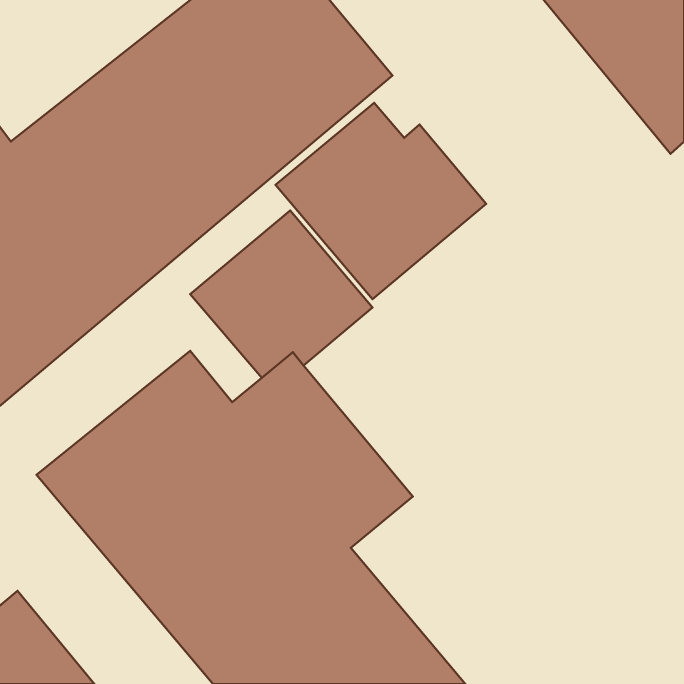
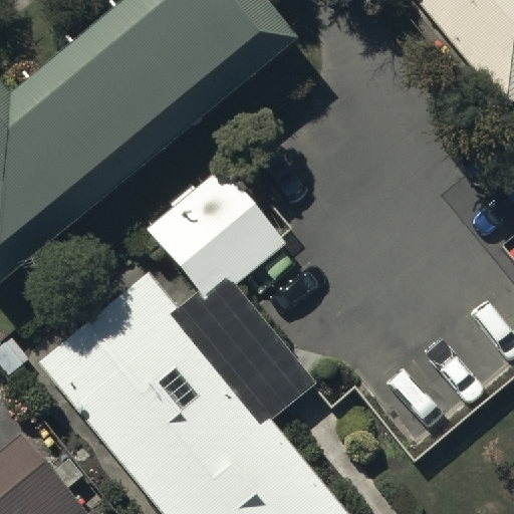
building: [276,103,486,299] -> none

